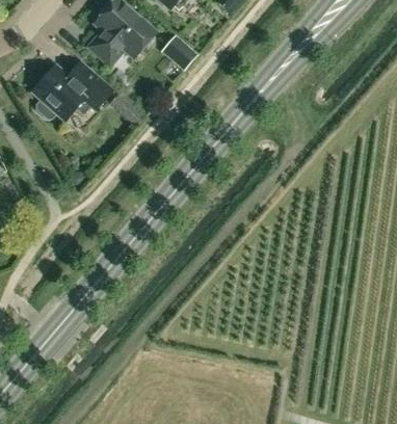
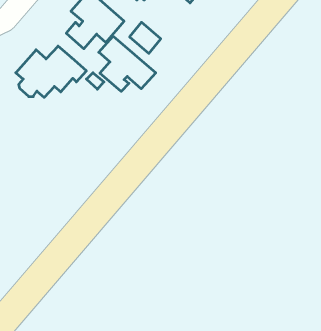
building: none -> [99,36,156,91]

